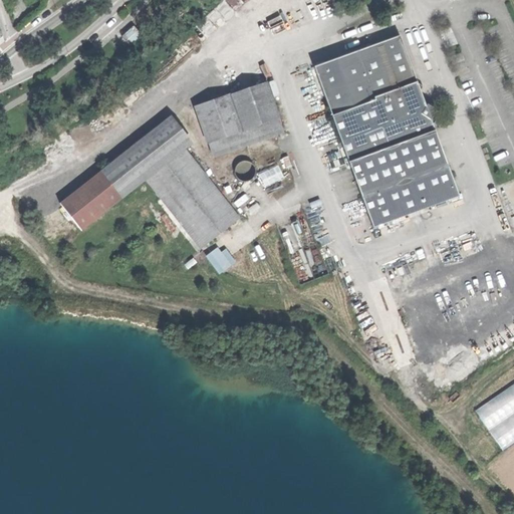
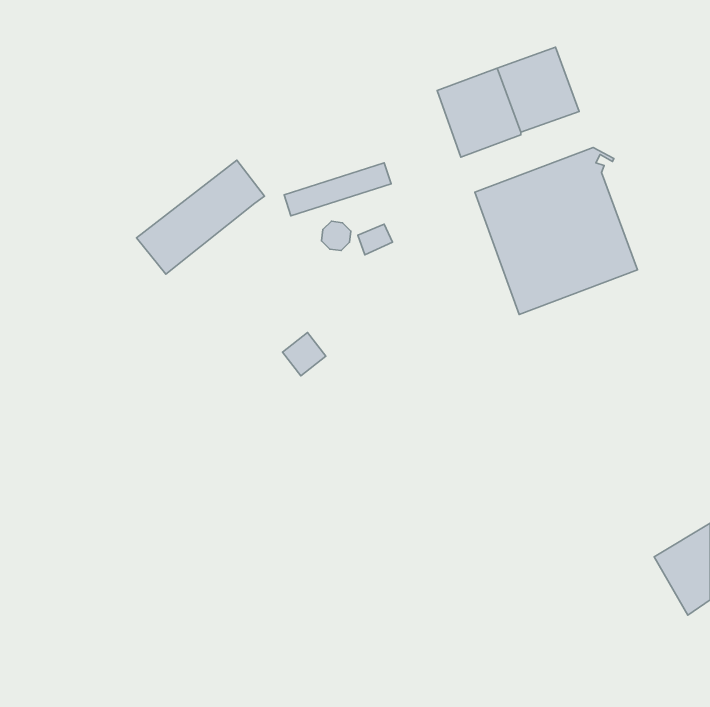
building: [332,80,428,139] -> none
building: [194,81,277,141] -> none
building: [145,147,238,247] -> none
building: [58,172,119,229] -> none

